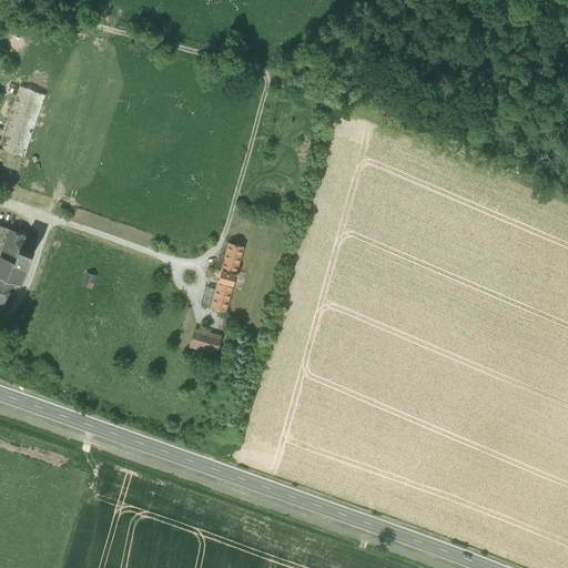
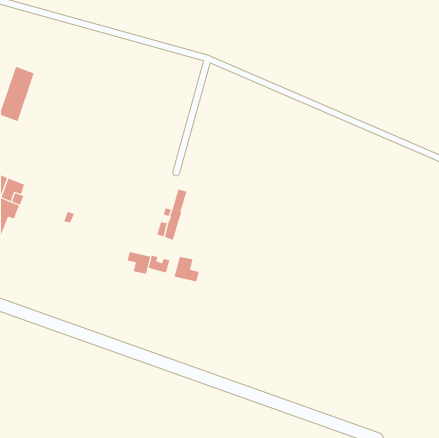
building: none -> [127,251,151,275]
building: none -> [174,256,199,282]

